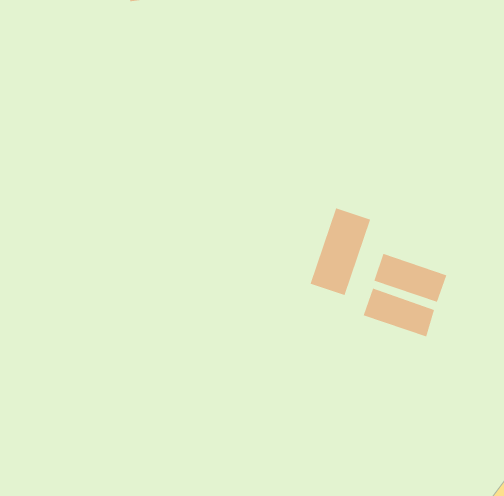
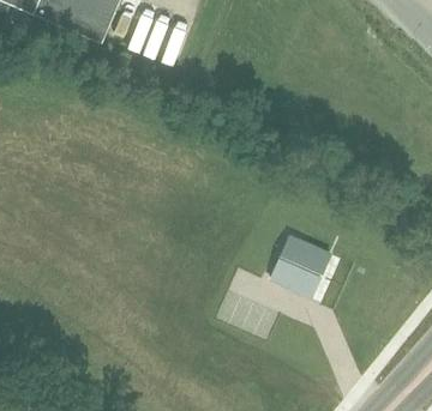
building: [310,207,371,296] -> none

